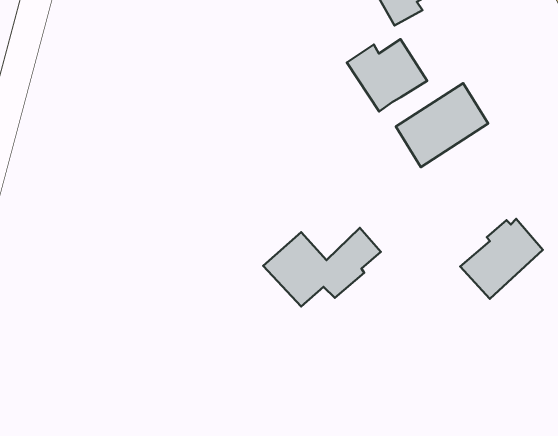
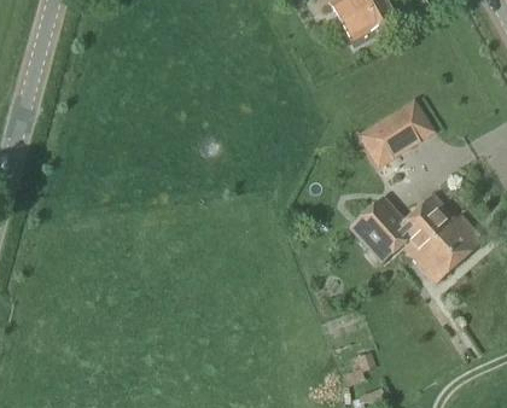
building: [347,39,427,111] -> none
building: [263,228,381,306] -> [350,193,451,261]

